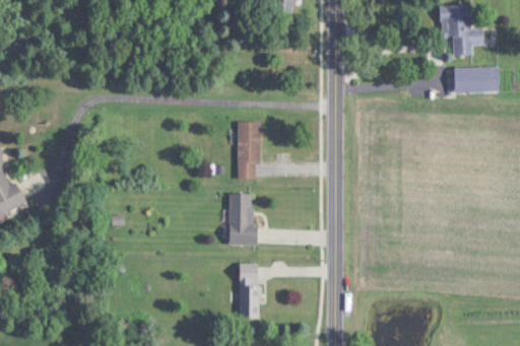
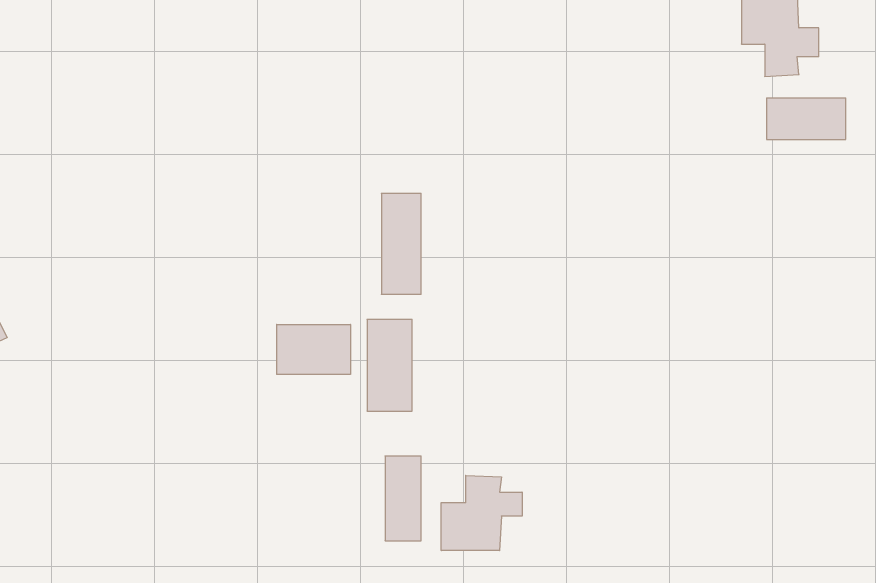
building: none -> [277,324,350,374]
building: none -> [441,475,522,551]

